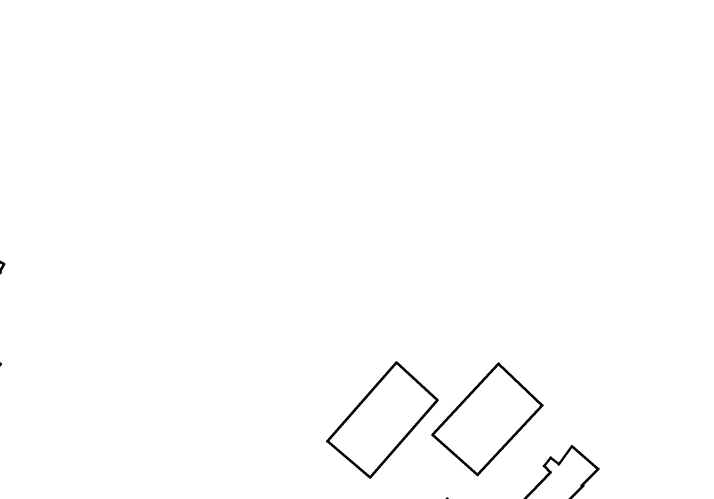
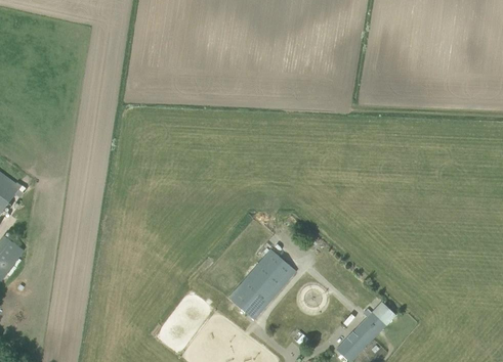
building: [433,364,542,475] -> none

